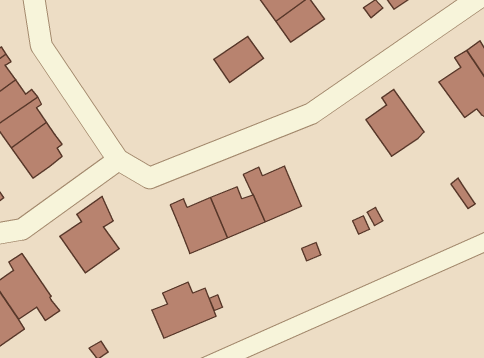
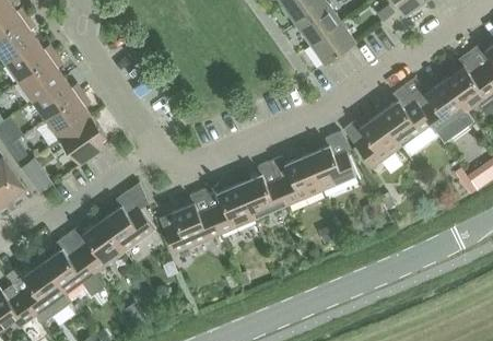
building: [214,36,264,83] -> [310,23,355,64]
building: none -> [403,80,467,132]
building: none -> [344,114,401,168]
building: none -> [305,131,356,191]
building: none -> [69,219,126,272]
building: [152,282,216,338] -> [162,203,220,254]

